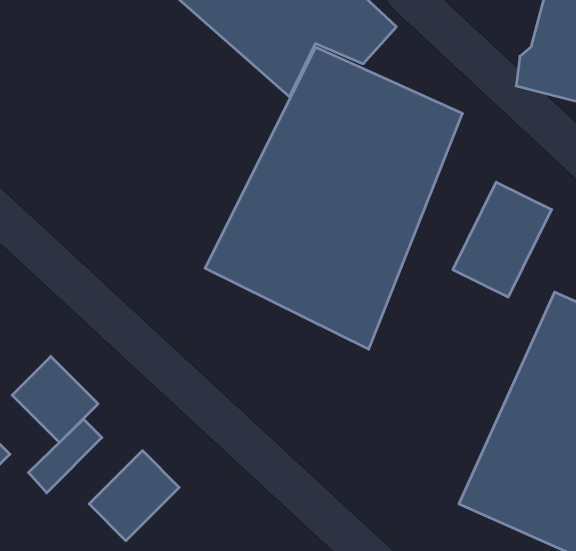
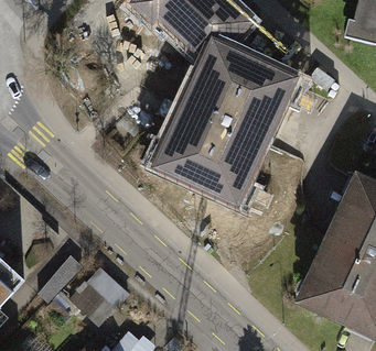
building: [453,182,552,297] -> none
building: [12,356,98,443] -> none

